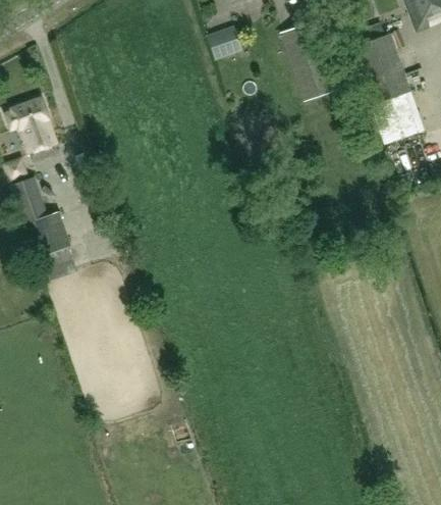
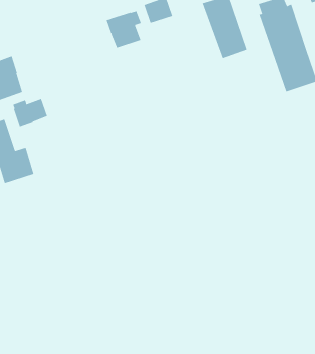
building: none -> [105,11,142,49]
building: none -> [12,98,48,128]

